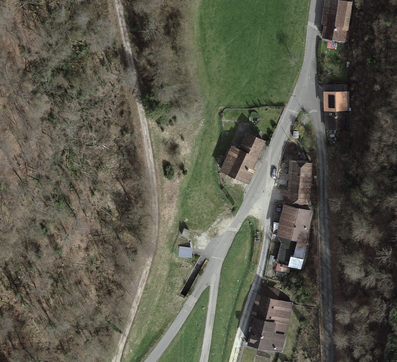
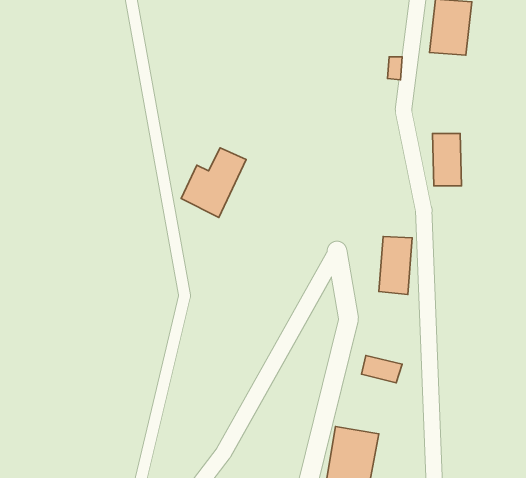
building: [221,134,266,182] -> [181,148,246,217]
building: [276,205,308,240] -> none

